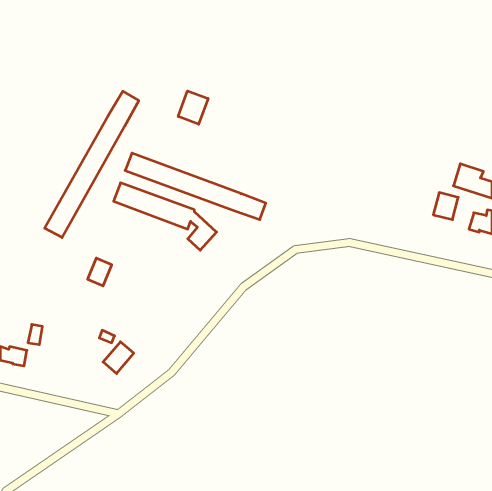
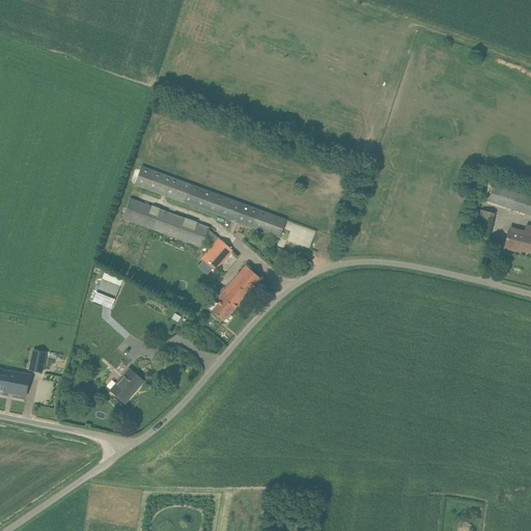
building: [178,91,208,124] -> none
building: [45,91,139,238] -> none
building: none -> [213,264,261,320]

